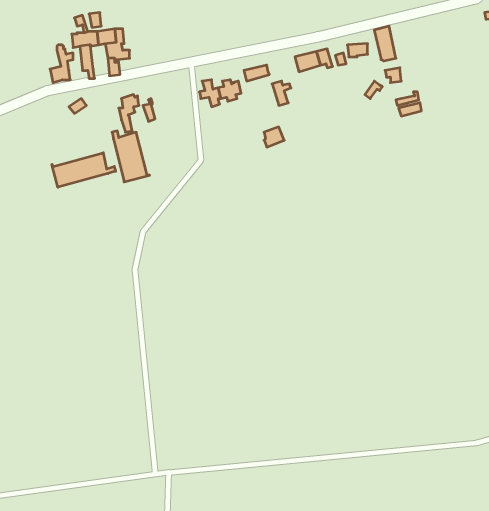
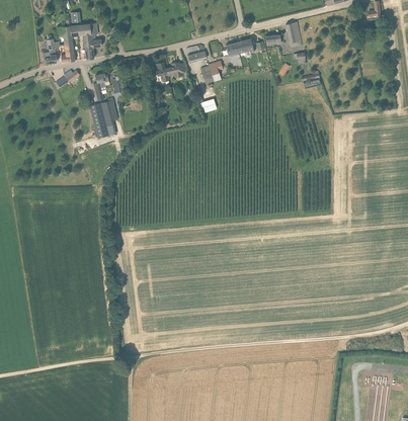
building: [52,153,116,187] -> none

